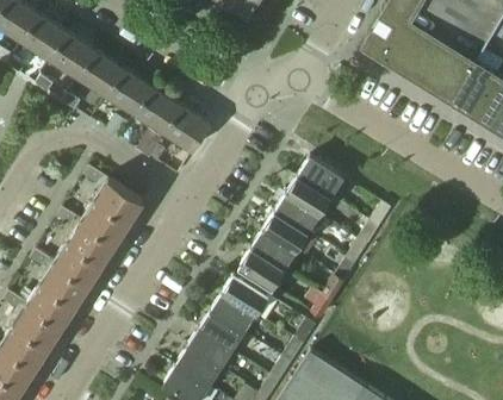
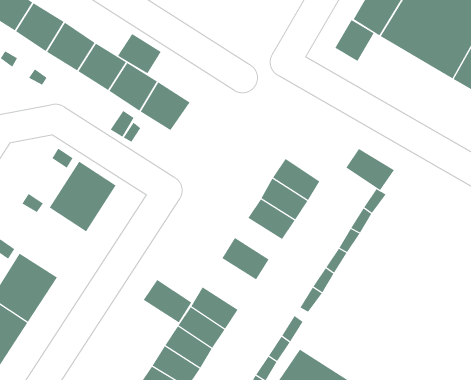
building: none -> [334,19,374,62]
building: none -> [117,33,162,74]
building: [298,158,343,198] -> [346,148,395,191]
building: [54,221,116,286] -> none
building: [252,231,296,269] -> none
building: [222,275,267,315] -> [143,279,192,323]

